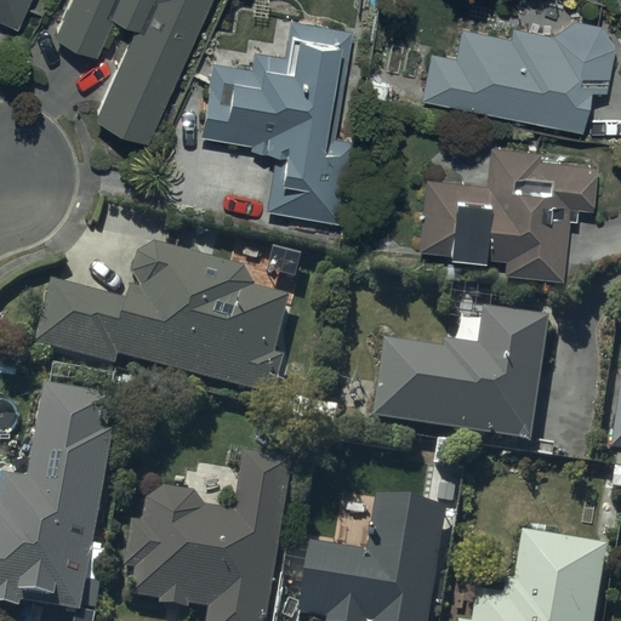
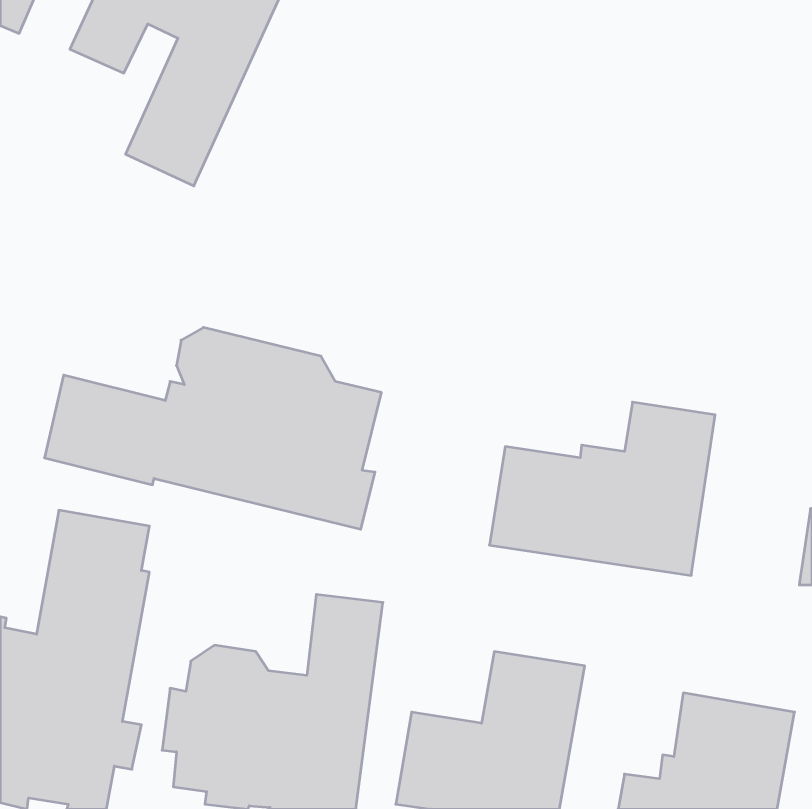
building: [200,21,353,220] -> none
building: [421,25,613,127] -> none
building: [416,147,594,277] -> none

